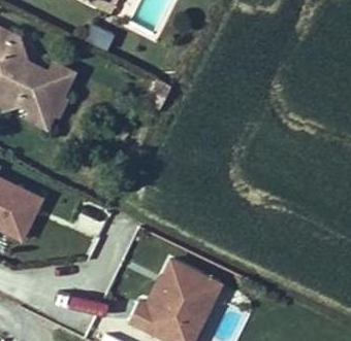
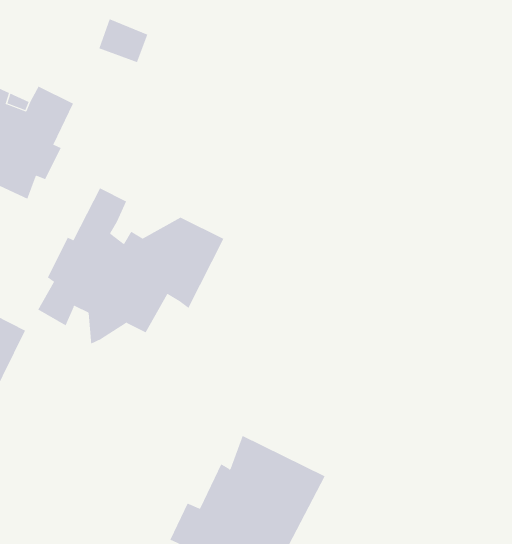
building: none -> [37,188,224,344]

